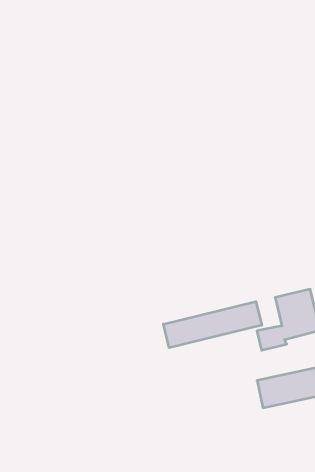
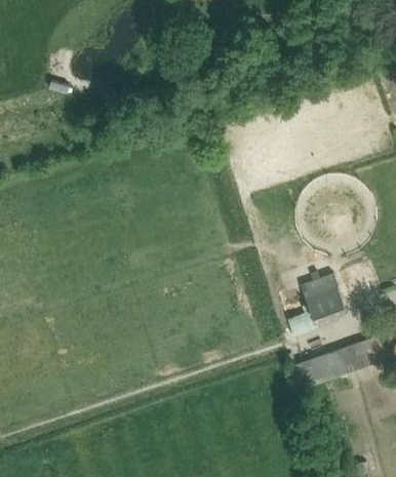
building: [163,302,262,348] -> none

